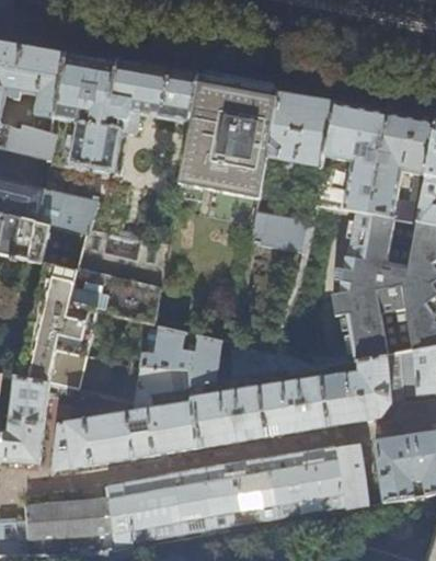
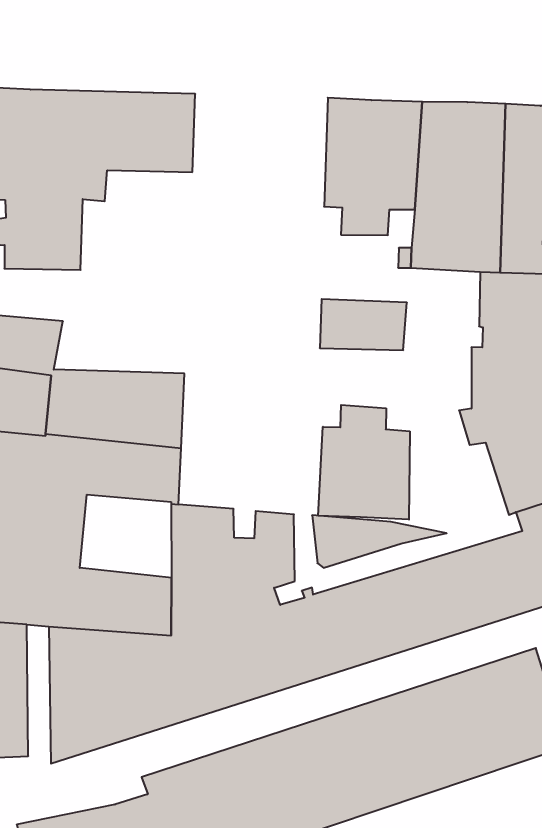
building: [180,77,280,199] -> none
building: none -> [318,405,410,520]

